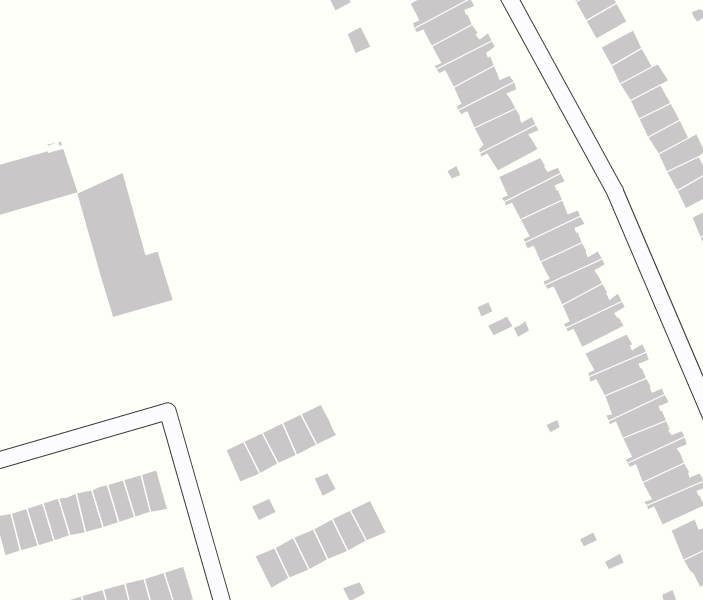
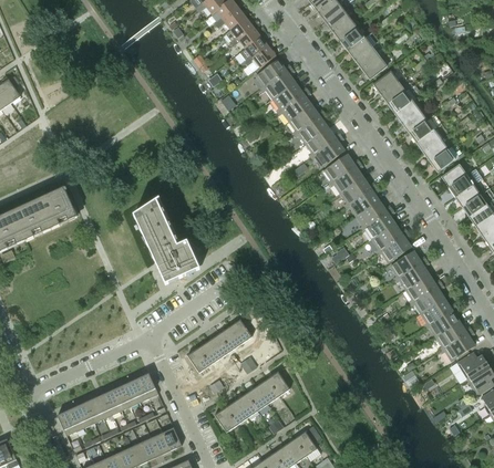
building: [77,172,173,317] -> [133,198,199,284]

